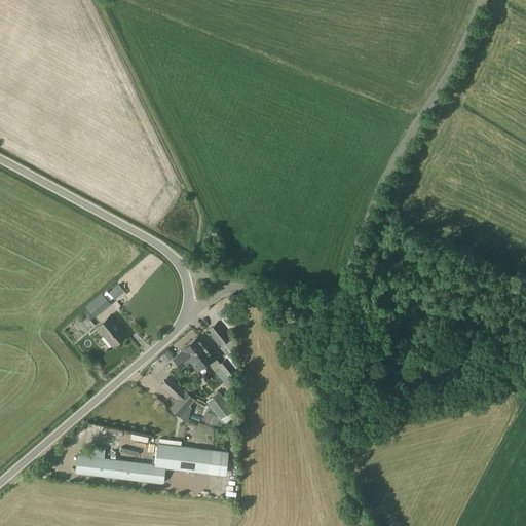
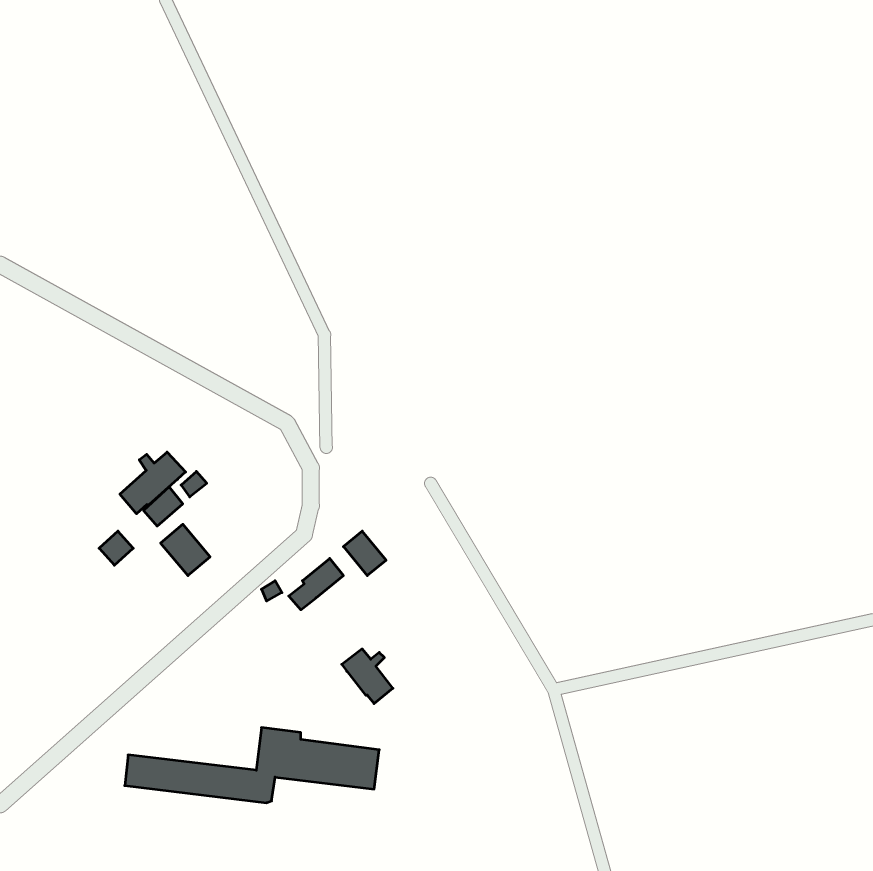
building: none -> [120,452,186,514]
building: [190,347,236,378] -> none
building: [158,376,195,422] -> none

